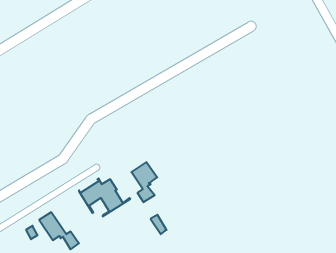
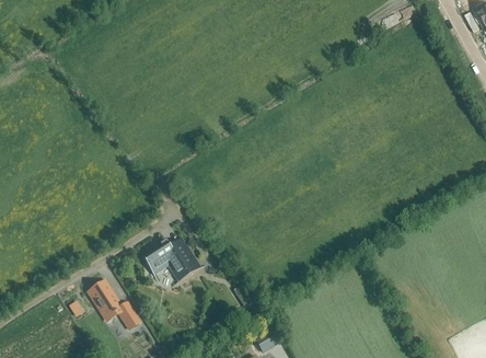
building: [131,162,157,202] -> none

